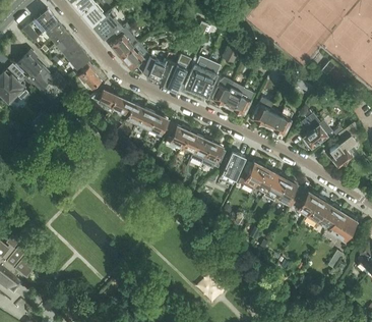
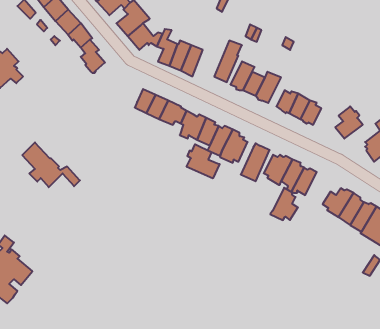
building: [17,51,68,91] -> [22,142,80,187]
building: [185,56,209,93] -> none
building: [91,89,133,114] -> none
building: none -> [187,144,220,178]
building: [274,176,299,205] -> [270,188,298,220]

